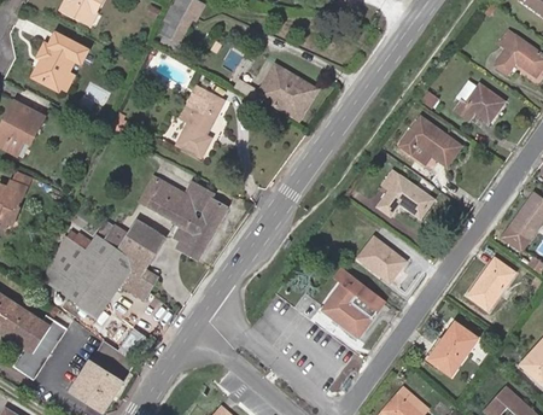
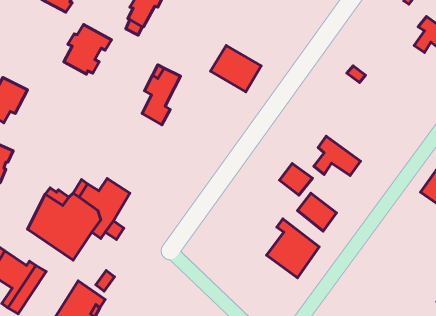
building: [31,33,87,90] -> [64,24,111,74]
building: [455,80,503,121] -> none
building: [399,116,460,164] -> none
building: [139,176,226,259] -> none
building: none -> [279,163,313,195]
building: [468,257,514,309] -> none
building: [430,325,477,374] -> none

